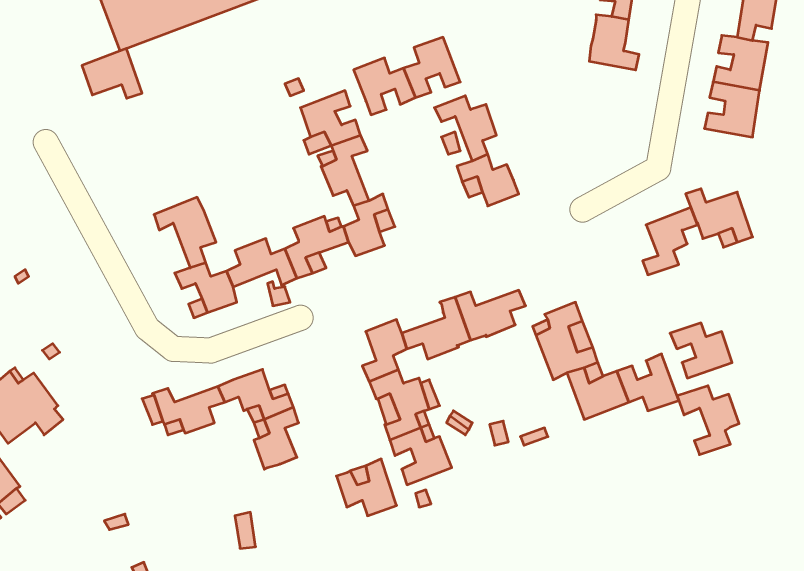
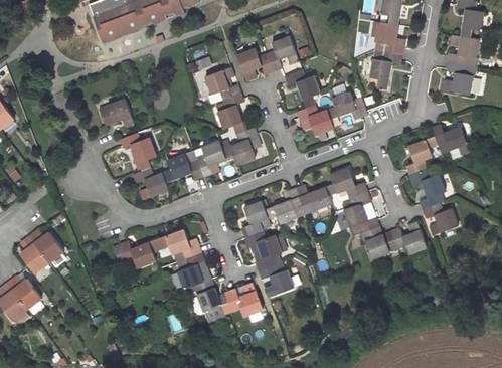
building: [82,48,142,98] -> [99,98,134,127]
building: none -> [369,49,401,88]
building: none -> [326,90,368,119]
building: none -> [330,168,366,197]
building: [677,386,739,455] -> [408,168,445,208]
building: none -> [193,278,232,320]

